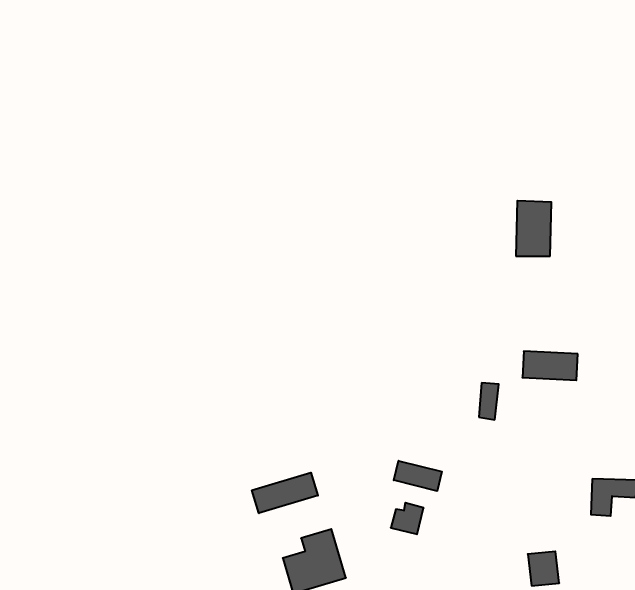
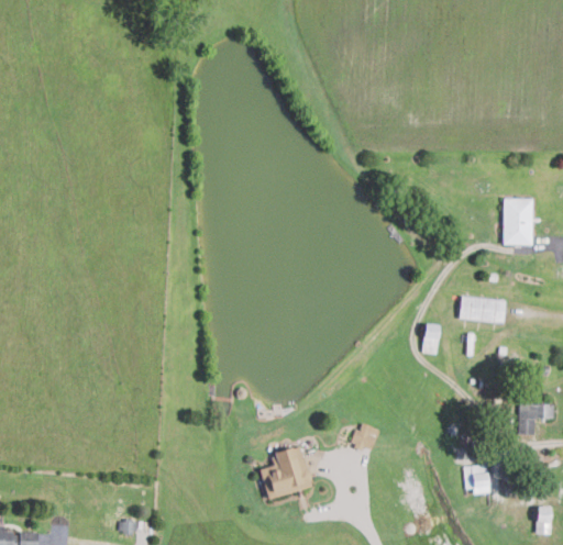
building: [516,201,551,256] -> [504,198,533,244]
building: [394,461,442,491] -> none
building: [252,473,318,513] -> none

